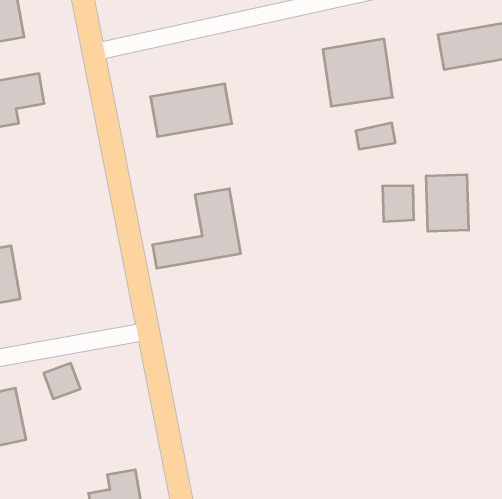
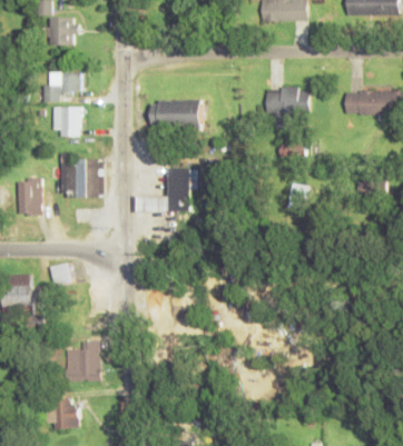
building: none -> [52,107,80,136]
building: [426,175,469,231] -> none
building: none -> [60,158,104,198]

